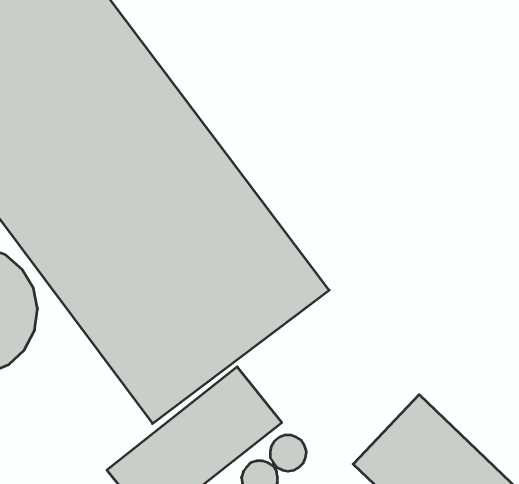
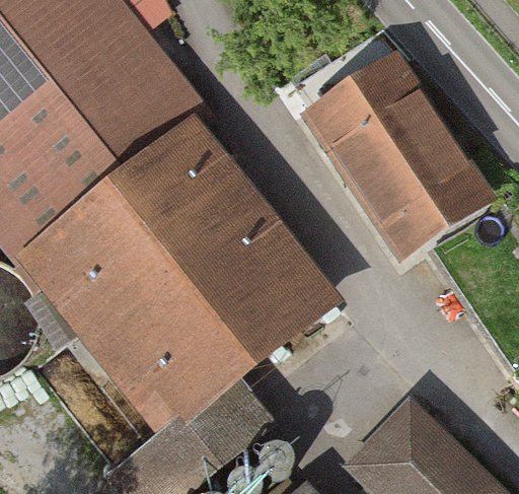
building: none -> [323,66,481,242]

